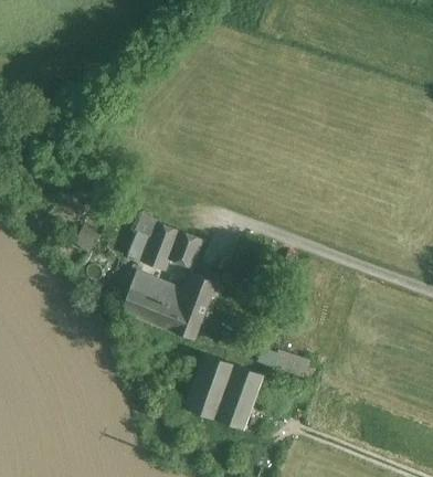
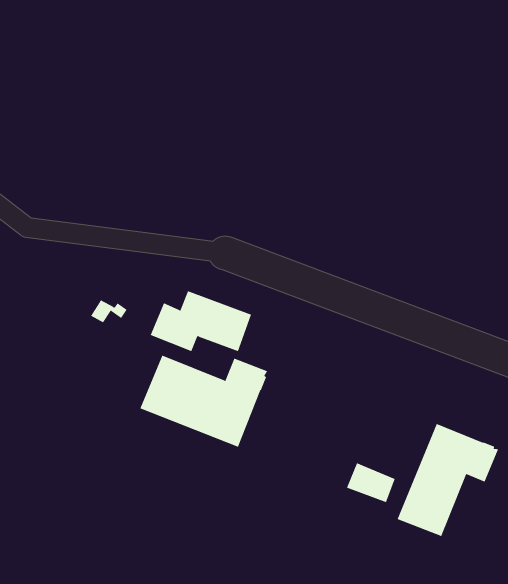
building: none -> [397,423,499,537]
building: [184,353,263,428] -> none

